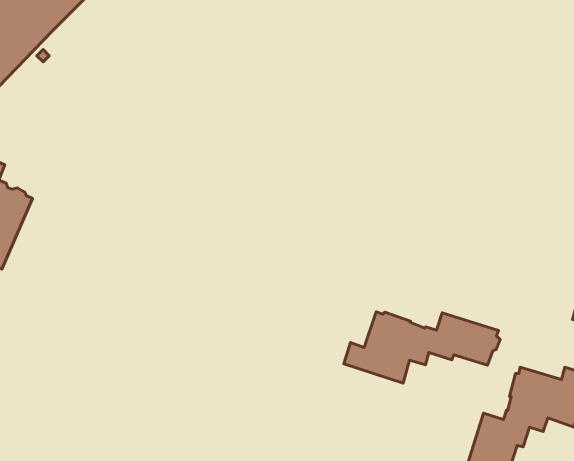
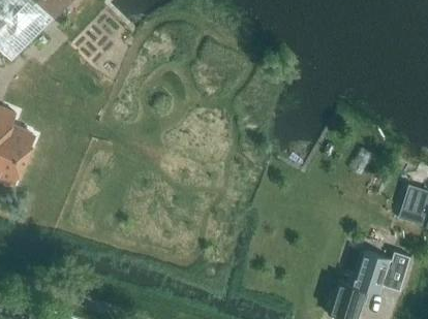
building: [344,312,500,383] -> none

